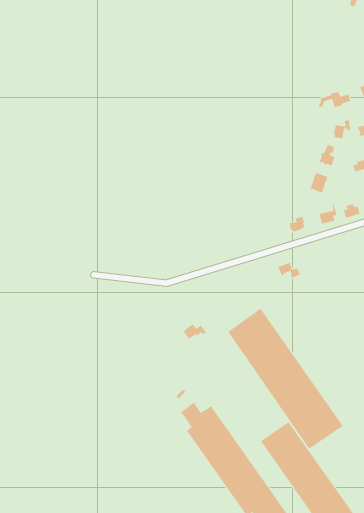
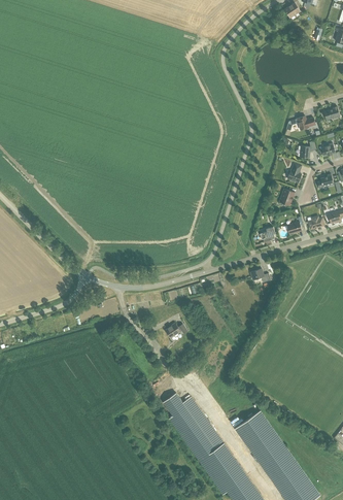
building: [228,308,343,449] -> none

